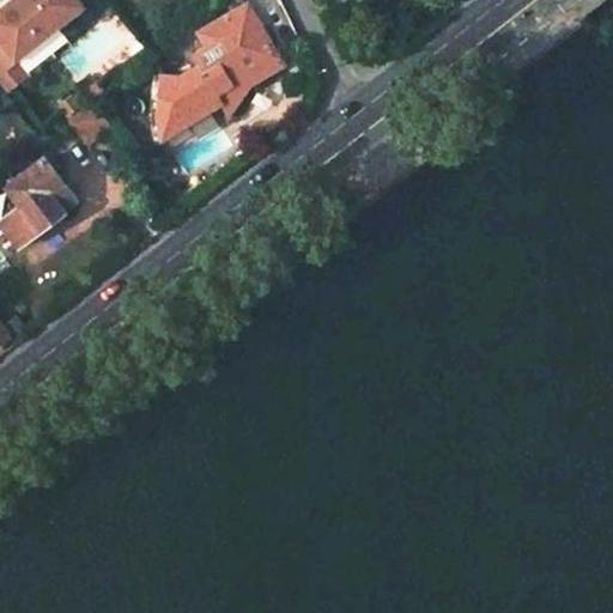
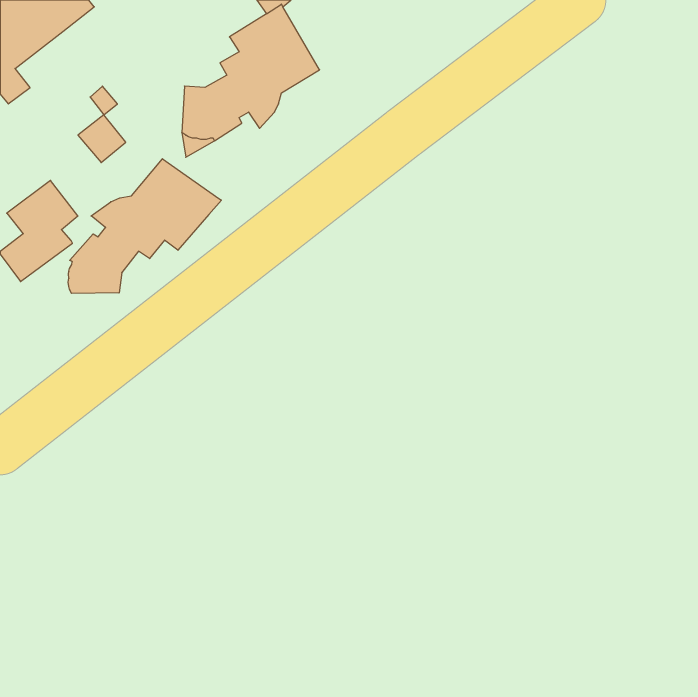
building: none -> [68,159,221,293]

